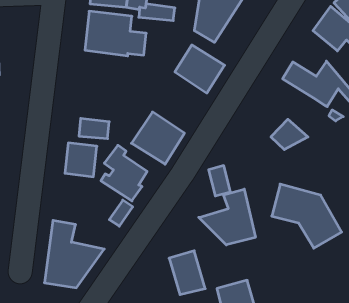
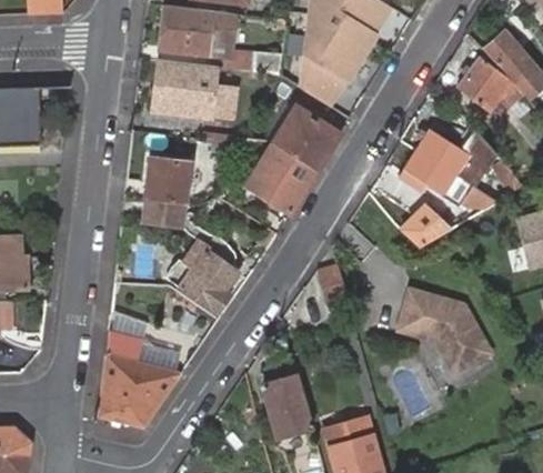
building: none -> [399,149,471,208]
building: [131,112,184,164] -> [244,140,314,209]
building: [65,143,97,177] -> [148,161,190,205]
building: [199,189,255,245] -> none

